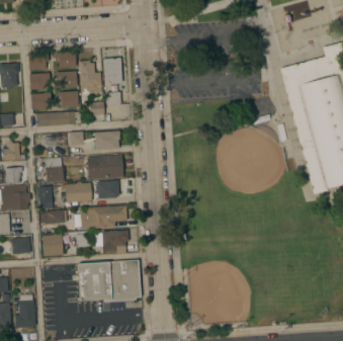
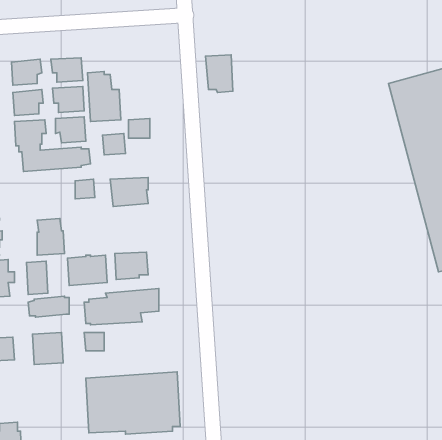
building: [103,58,121,83] -> [205,55,233,93]
building: [86,156,123,180] -> none
building: [95,231,128,254] -> none

